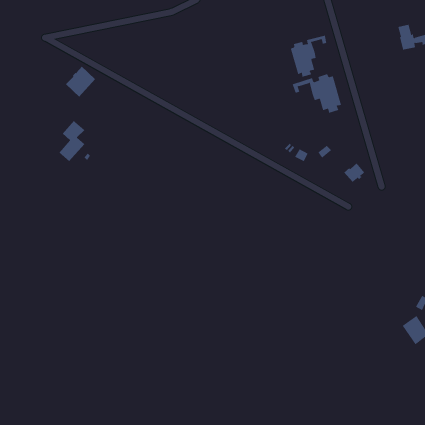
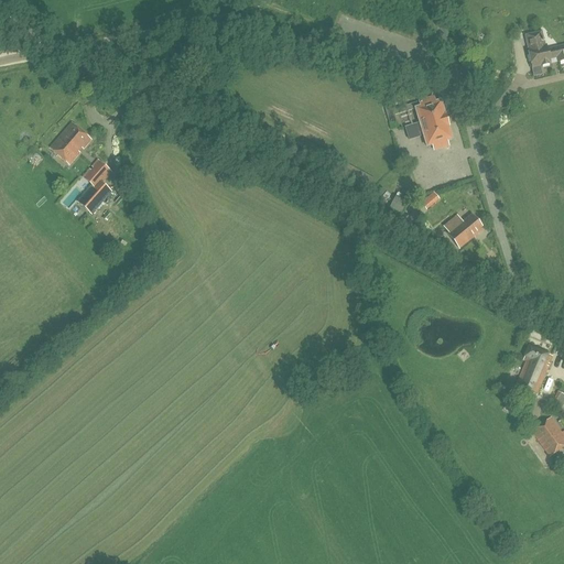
building: [290,35,327,77] -> none
building: [65,66,96,98] -> [51,122,91,164]
building: none -> [517,346,553,394]

